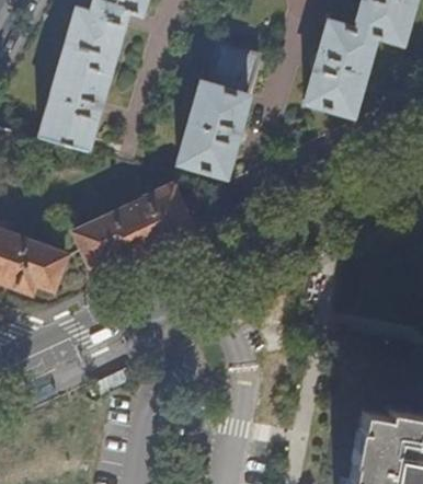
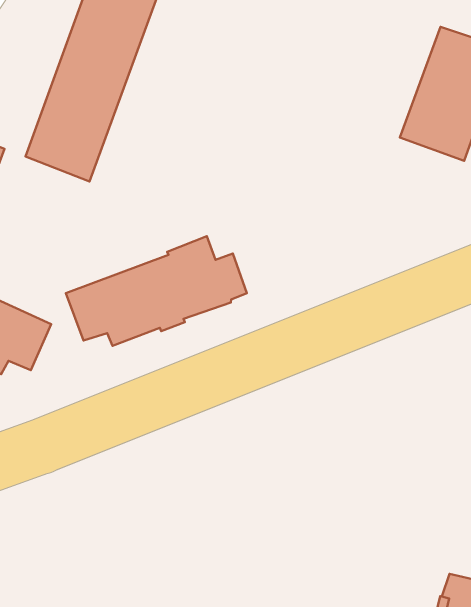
building: [179,45,260,181] -> none

